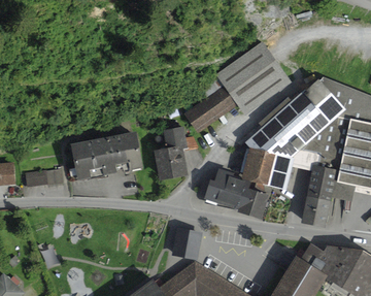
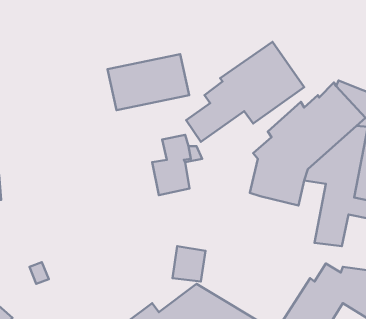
building: [69,131,143,182] -> [107,54,189,110]
building: [203,167,268,219] -> none
building: [25,168,63,187] -> none

